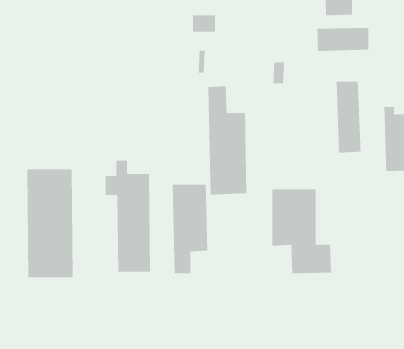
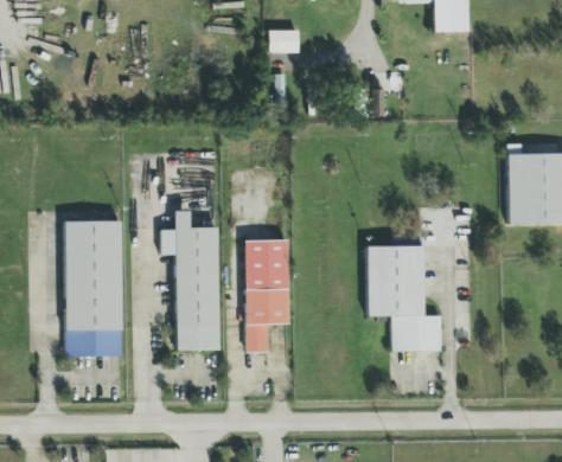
building: [317,27,369,52] -> none
building: [336,81,361,153] -> none
building: [208,86,247,195] -> none

